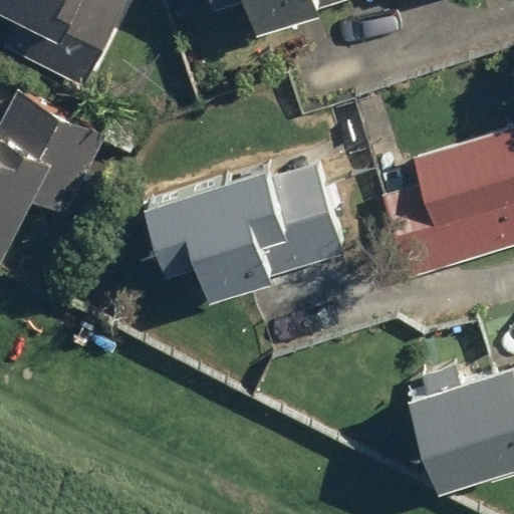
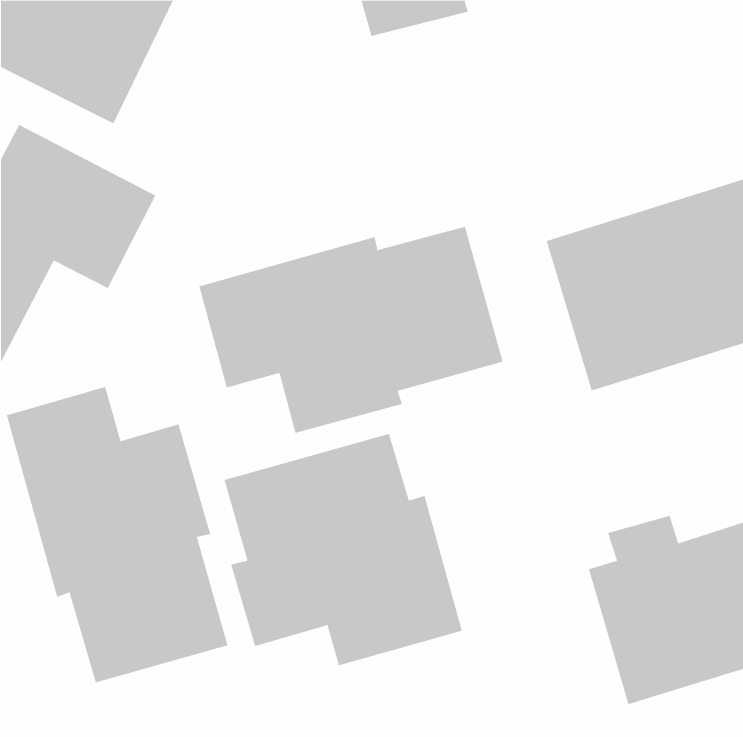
building: none -> [6,386,228,683]
building: none -> [224,433,463,666]

